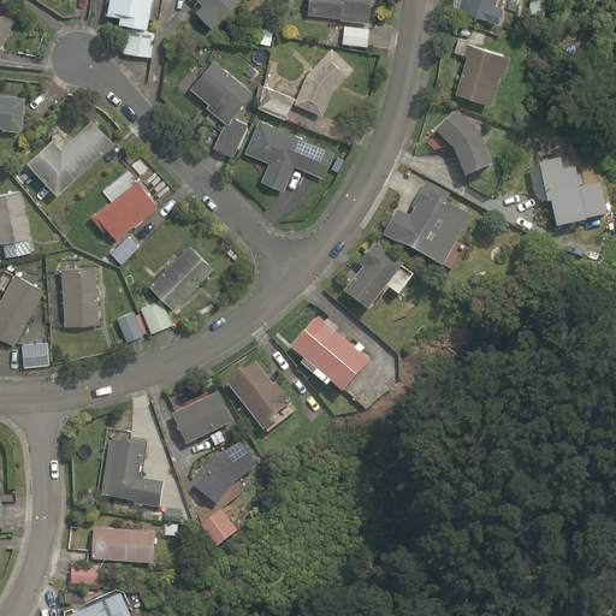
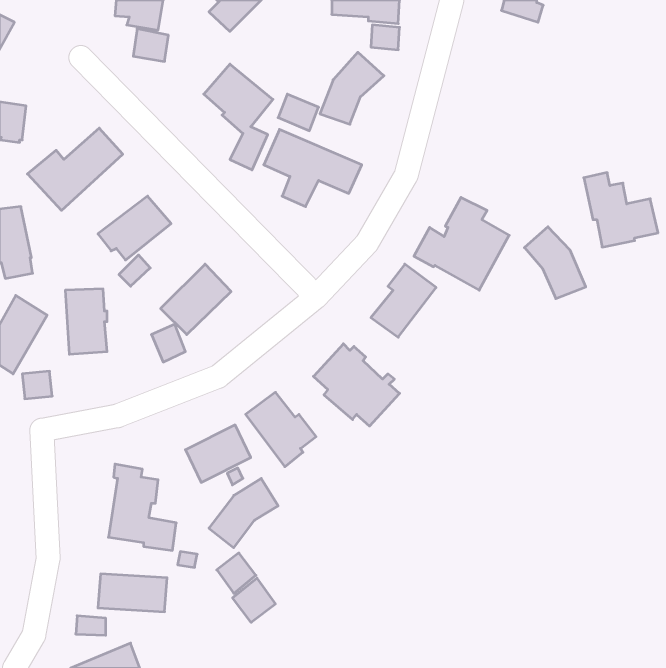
building: [454,46,509,101] -> none
building: [434,111,491,177] -> [524,227,586,299]
building: [116,310,146,342] -> none
building: none -> [233,578,275,622]

